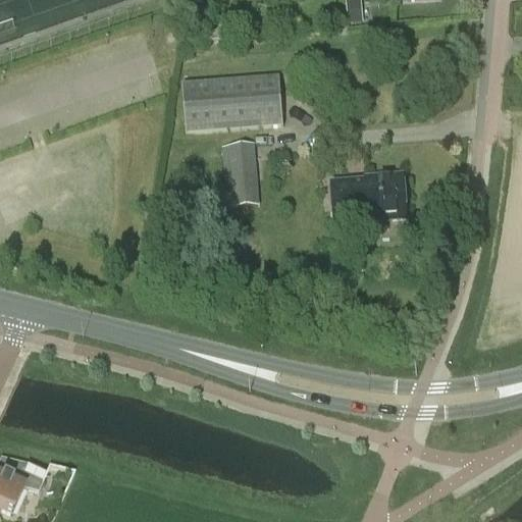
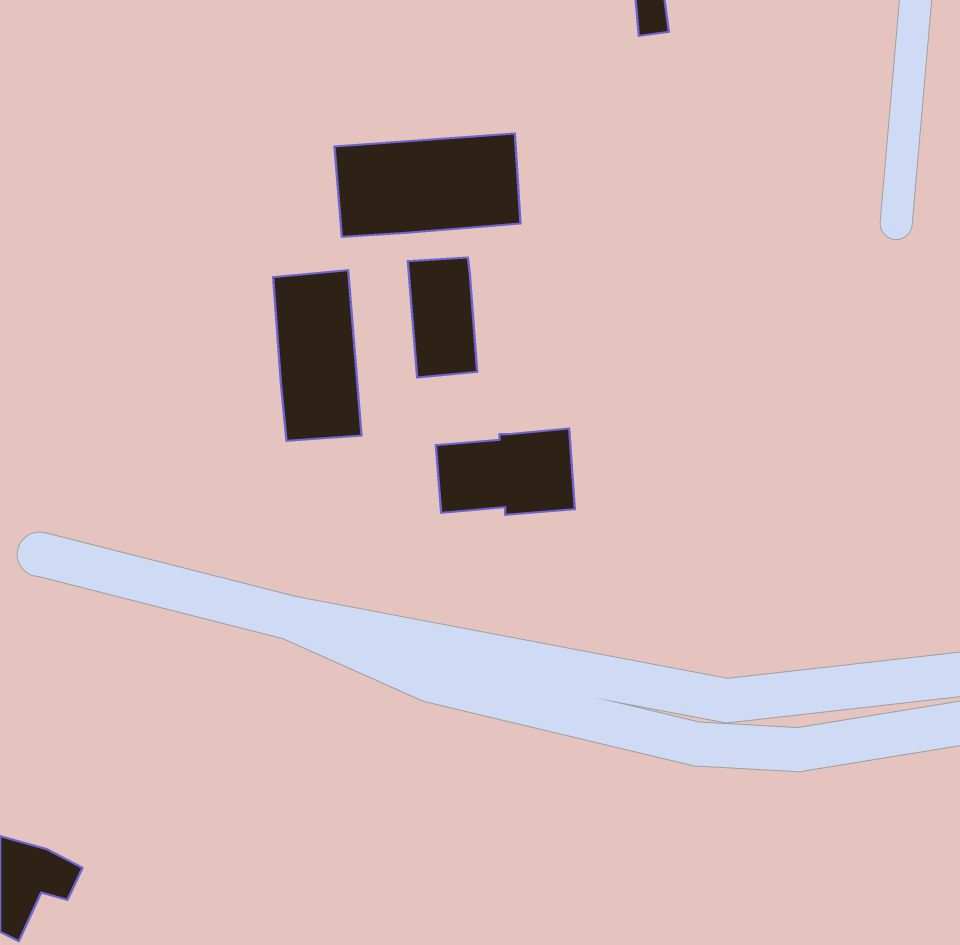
building: none -> [273,270,362,441]
building: [330,170,406,217] -> [436,428,575,515]

